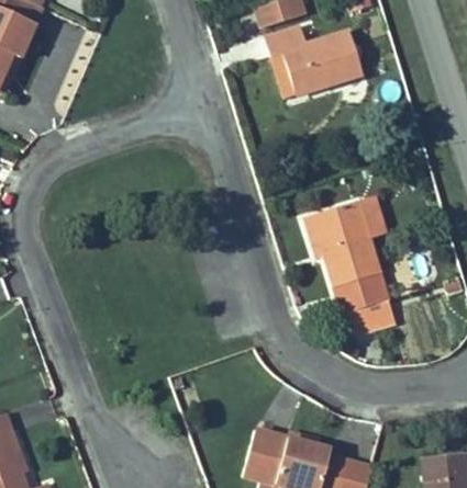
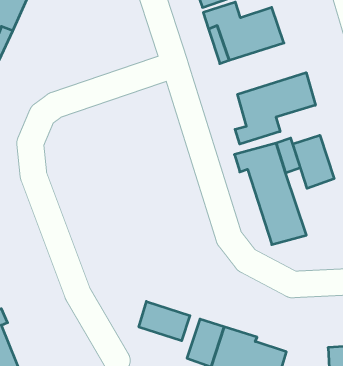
building: none -> [235,73,315,144]
building: none -> [293,135,334,188]
building: none -> [139,301,190,341]

